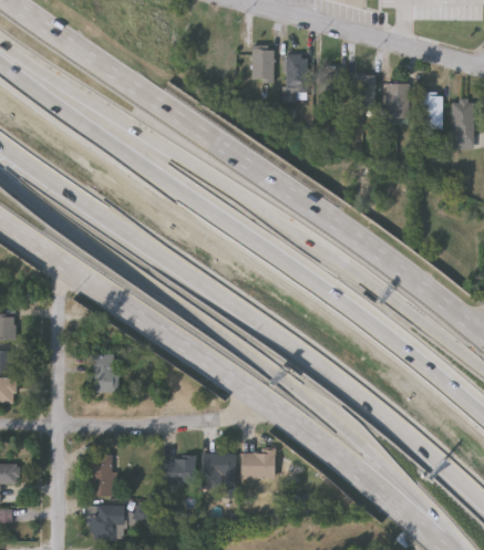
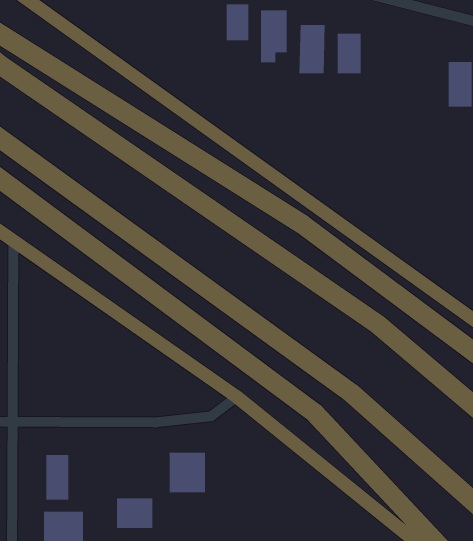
building: [387,84,409,117] -> none
building: [420,92,442,129] -> none
building: [91,353,119,392] -> none
building: [240,452,274,478] -> none
building: [162,456,195,484] -> [116,498,153,529]

